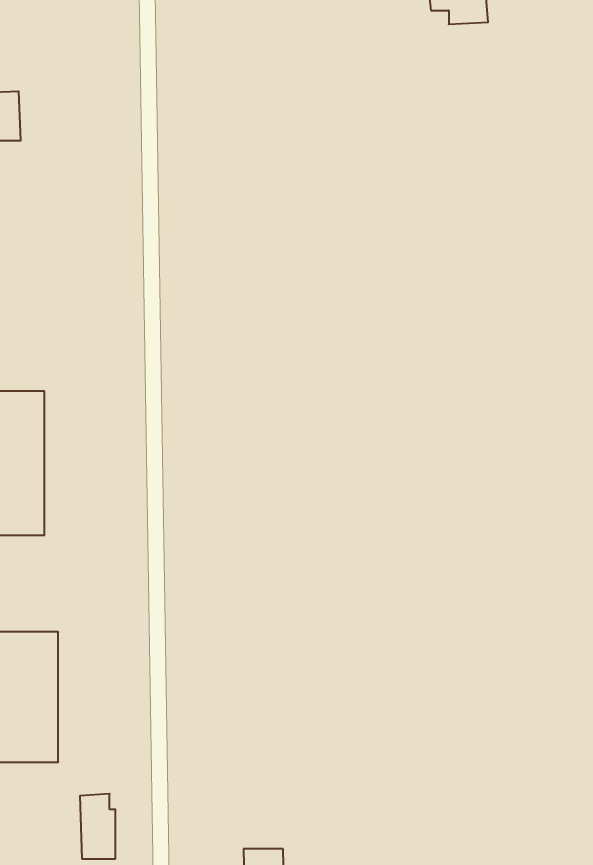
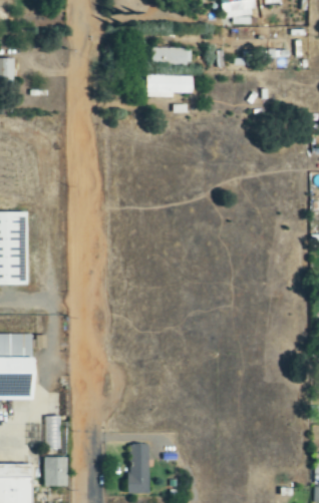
building: none -> [152,48,191,64]
building: none -> [146,75,194,97]

